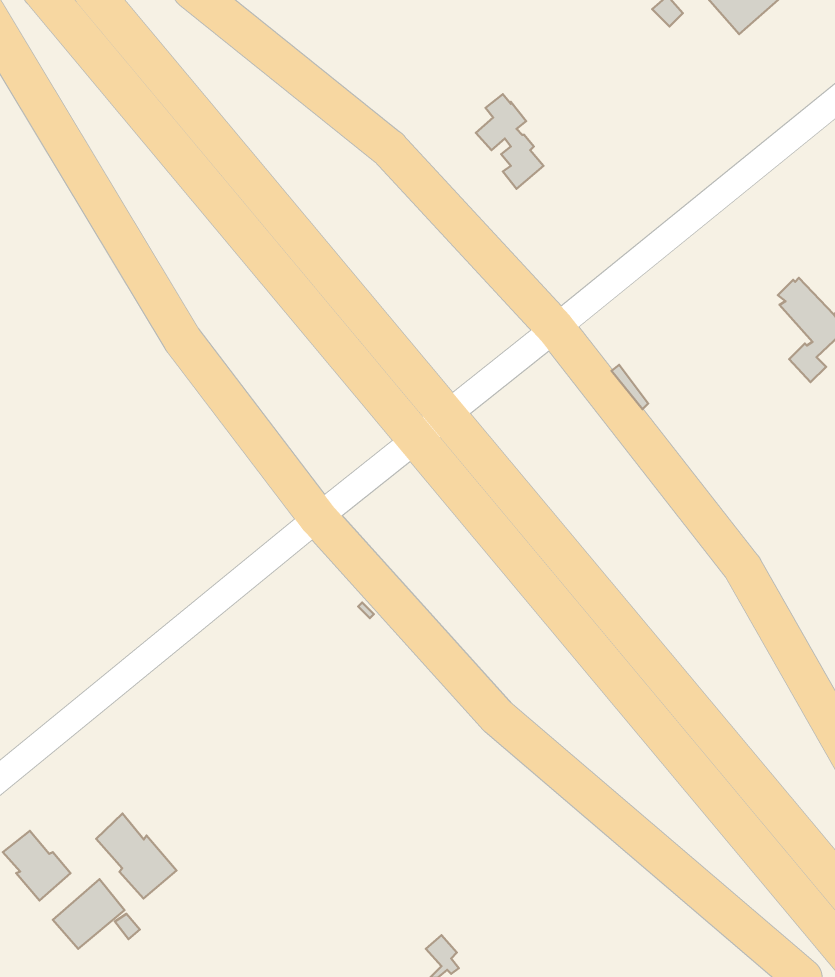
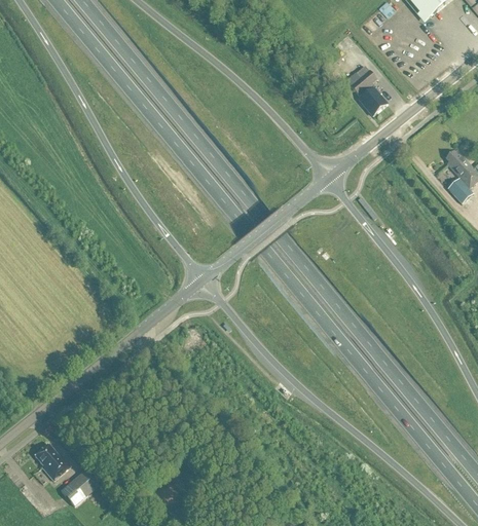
building: [476,94,544,189] -> [351,64,387,114]
building: [96,814,177,898] -> none

